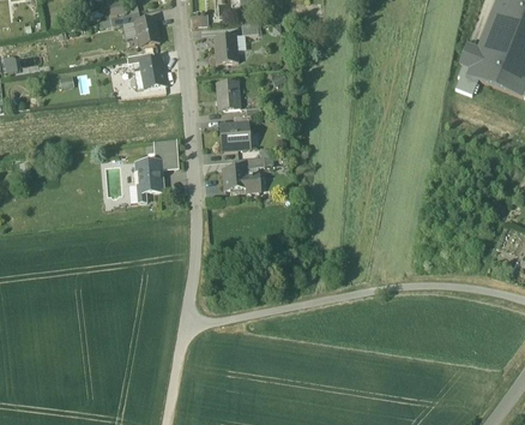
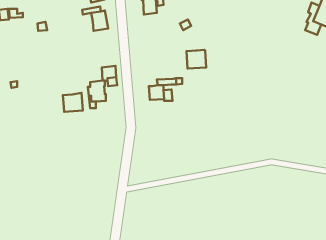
building: [216,80,240,109] -> none
building: [221,121,249,149] -> [187,50,206,68]
building: none -> [63,93,83,112]

